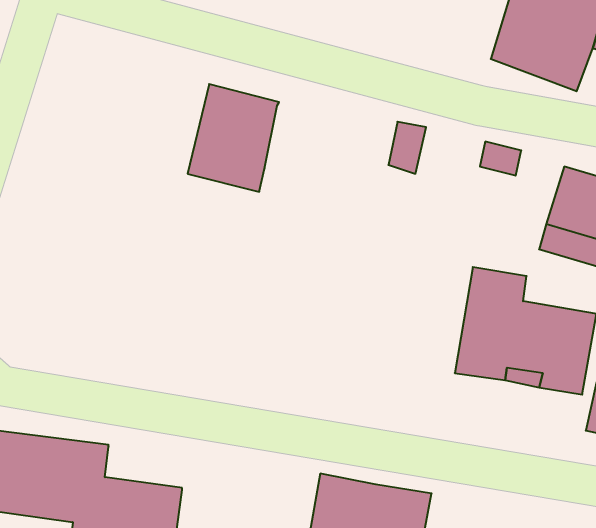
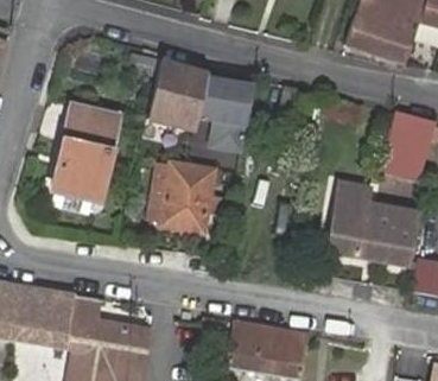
building: none -> [198,75,254,150]
building: none -> [53,104,119,199]
building: none -> [150,161,229,229]

